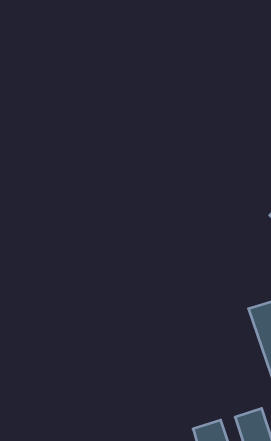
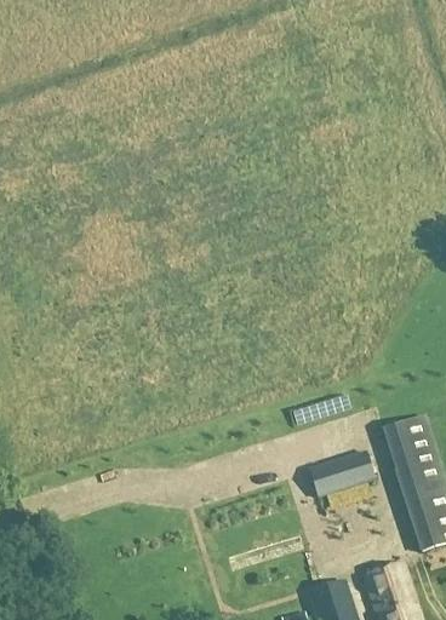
building: none -> [307,450,372,495]

